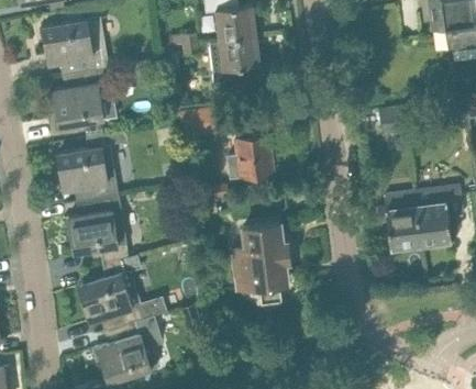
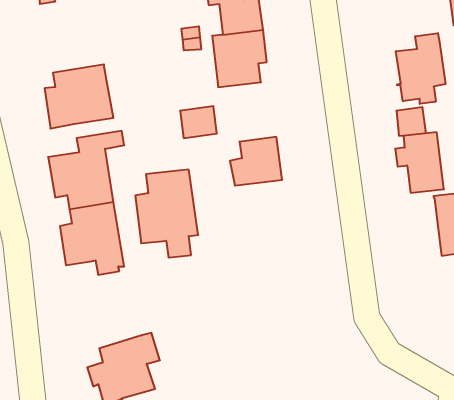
building: [43,18,109,76] -> none
building: none -> [396,33,445,104]
building: [376,192,421,248] -> [395,132,444,193]
building: [230,223,288,304] -> [135,170,198,257]
building: [78,270,144,331] -> none

